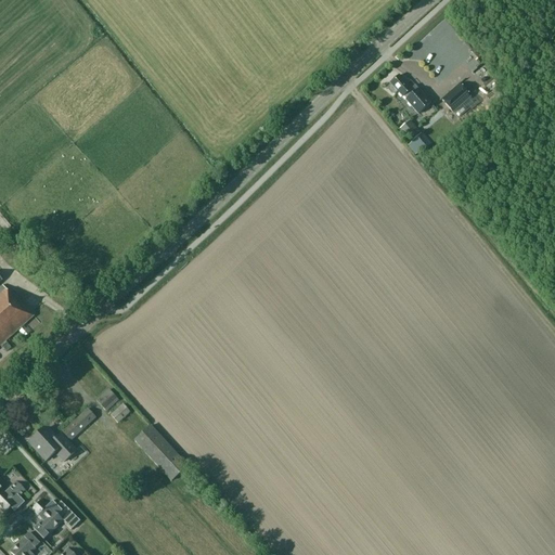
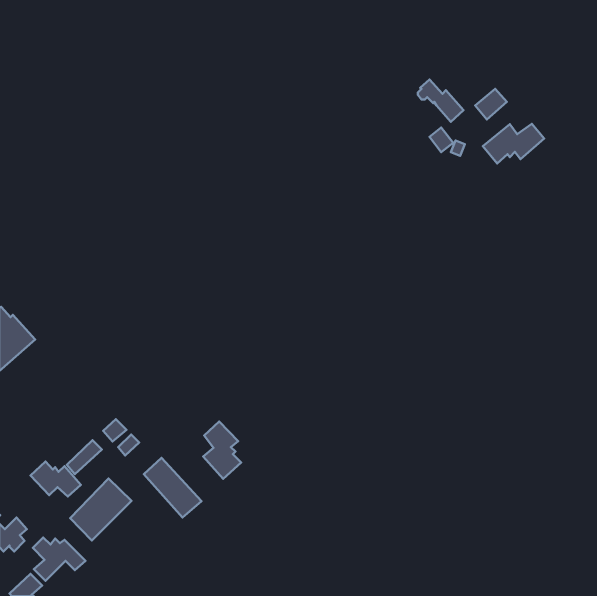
building: none -> [483,124,544,163]
building: none -> [203,422,241,479]
building: none -> [70,479,131,540]

